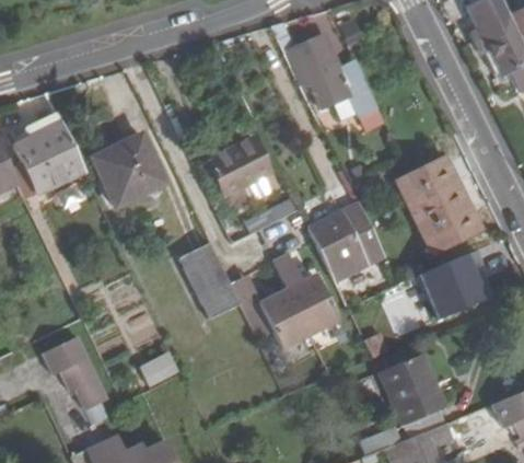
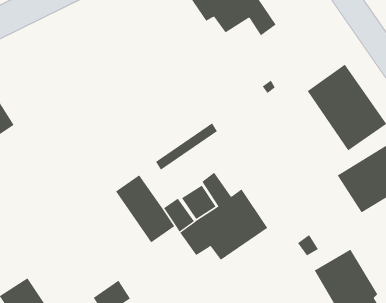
building: [91,132,164,205] -> none
building: [208,136,271,209] -> none
building: [310,204,385,280] -> none

